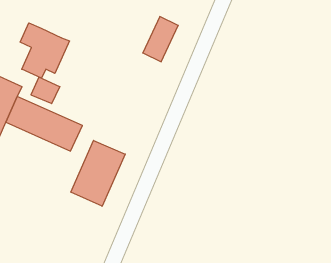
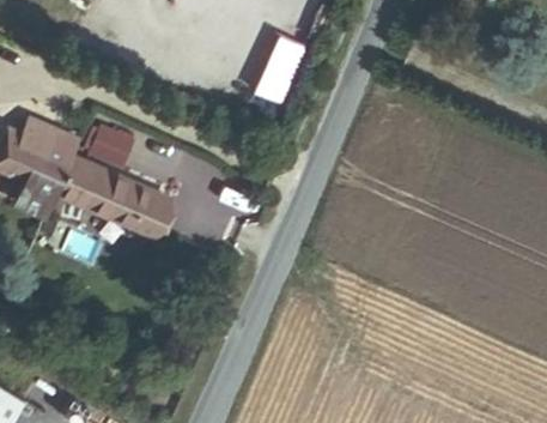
building: [20,23,69,78] -> none
building: [71,140,125,206] -> none

